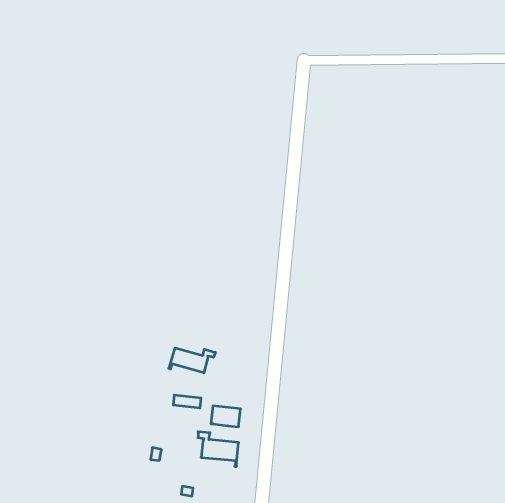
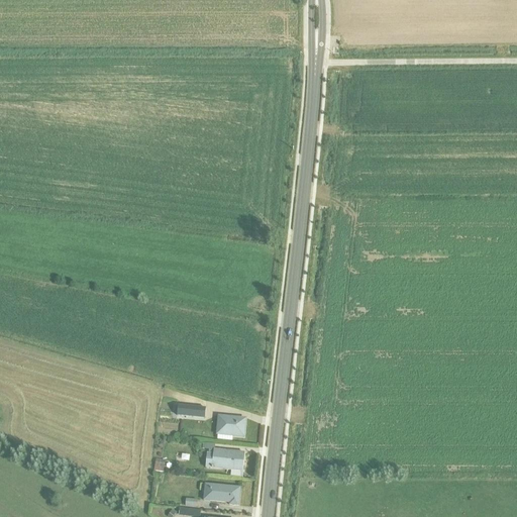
building: [169,348,215,373] -> none
building: none -> [202,482,240,504]

